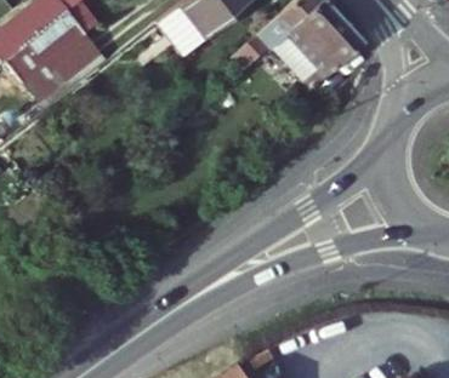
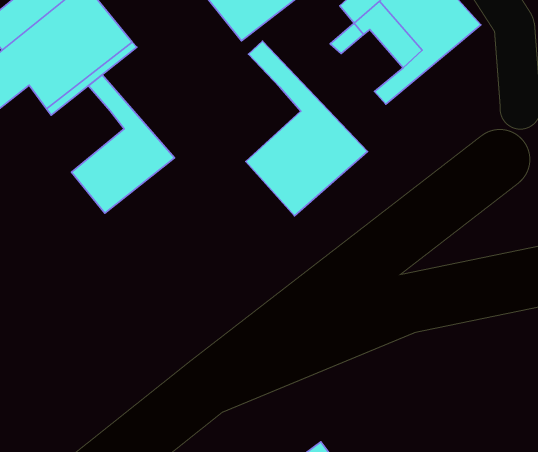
building: none -> [246,41,367,216]
building: none -> [72,75,174,213]

